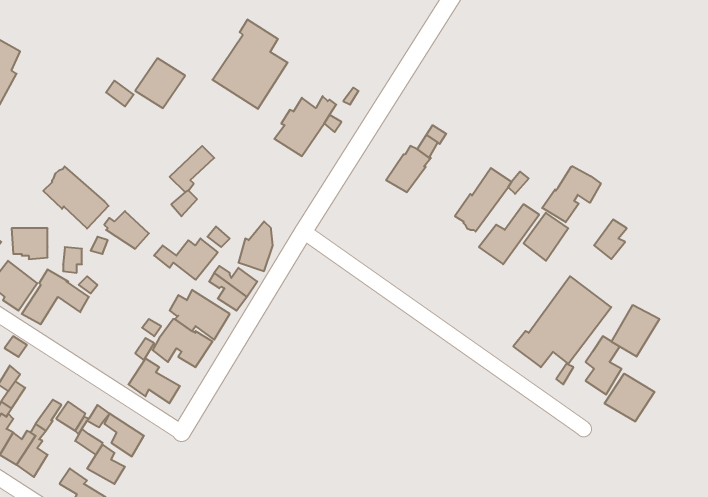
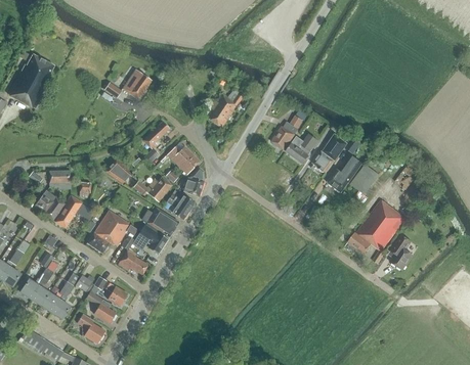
building: [212,19,288,109] -> none
building: [542,166,601,222] -> none
building: [43,166,109,229] -> none
building: none -> [286,134,317,164]
building: none -> [166,146,200,174]
building: none -> [87,210,128,253]
building: [612,305,659,357] -> none
building: [605,374,654,422] -> none

